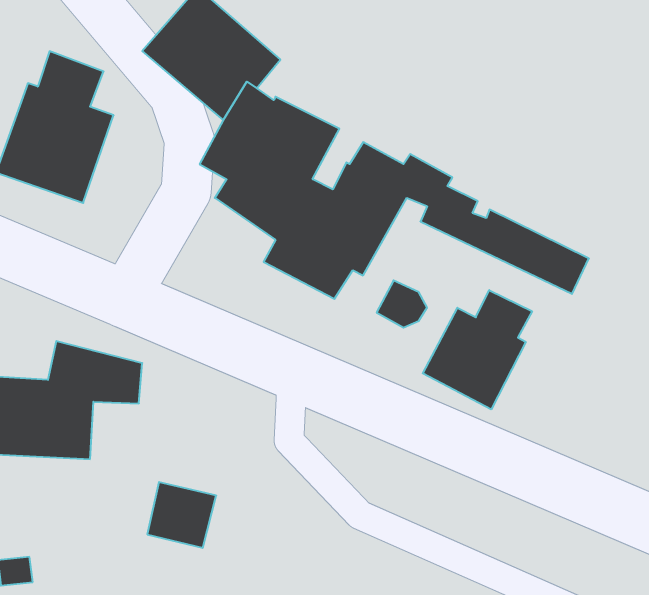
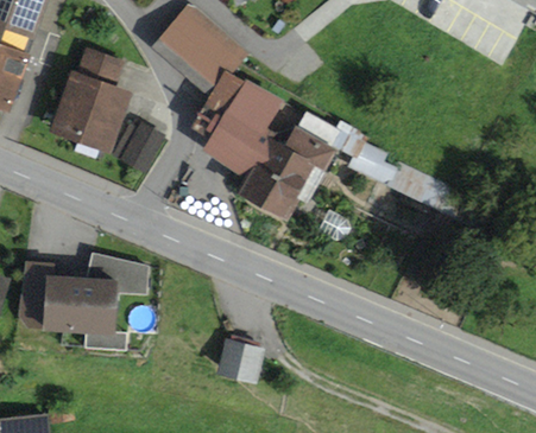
building: none -> [112,119,166,172]
building: [423,290,532,409] -> none
building: [147,482,216,548] -> [216,338,265,384]

